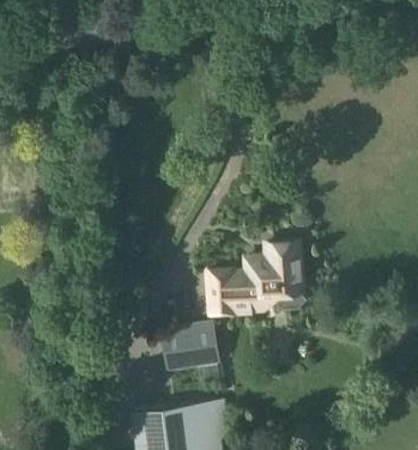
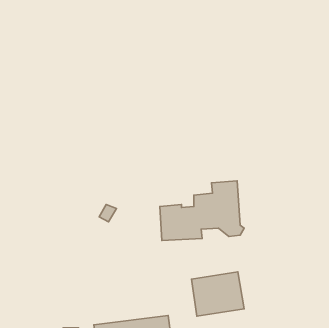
building: [162,320,223,371] -> [192,272,244,316]

